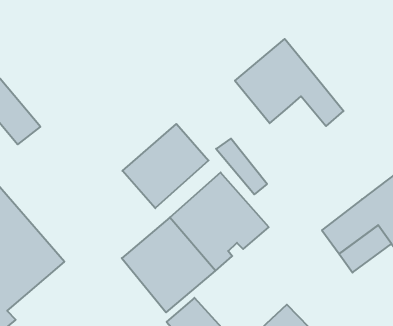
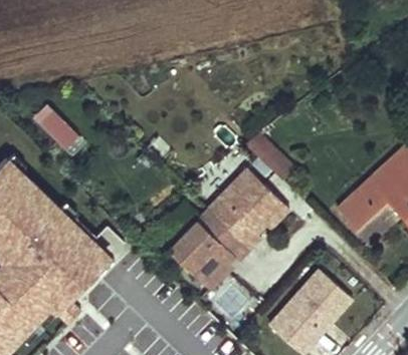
building: [235,39,344,126] -> none
building: [122,124,209,208] -> none

